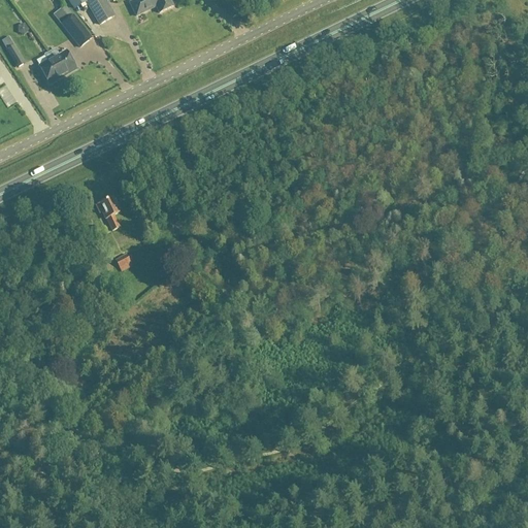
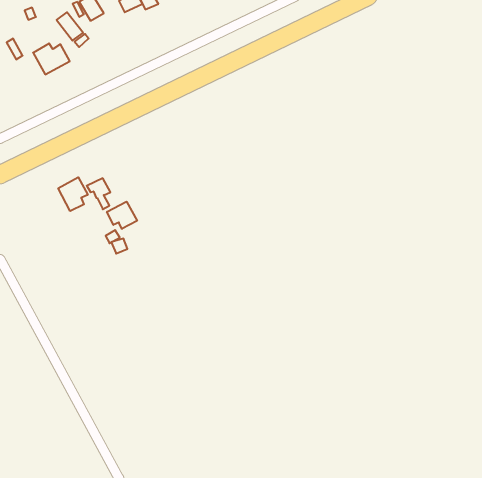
building: none -> [58,177,88,211]
building: none -> [107,202,137,229]

